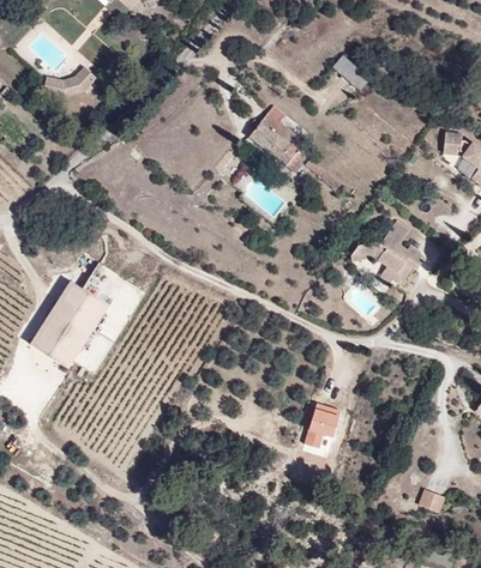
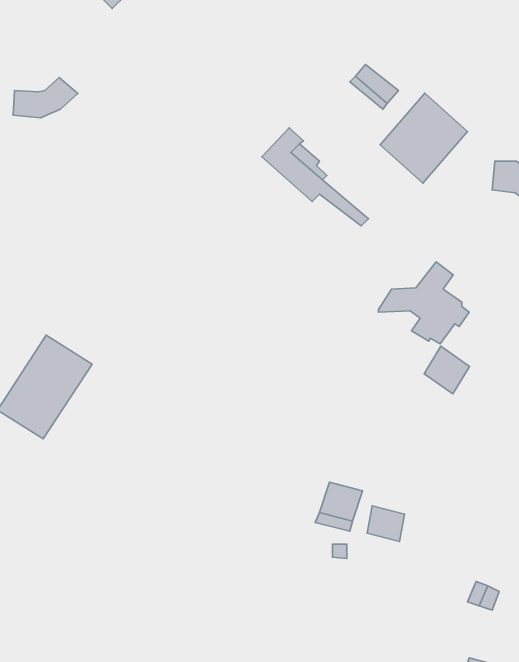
building: none -> [380,93,468,183]
building: none -> [424,346,470,394]
building: none -> [367,506,404,542]

